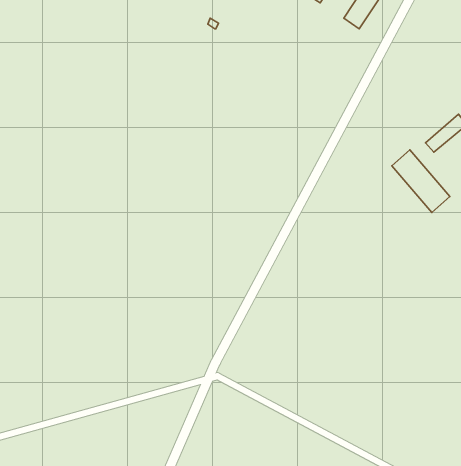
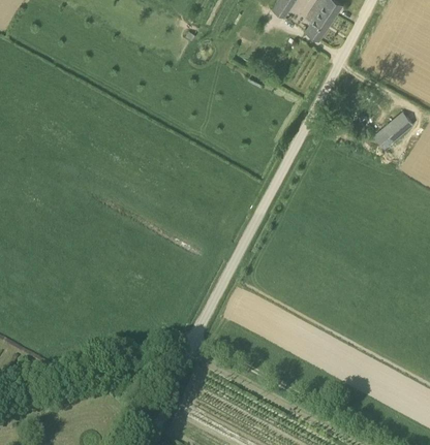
building: [392,150,450,213] -> none

